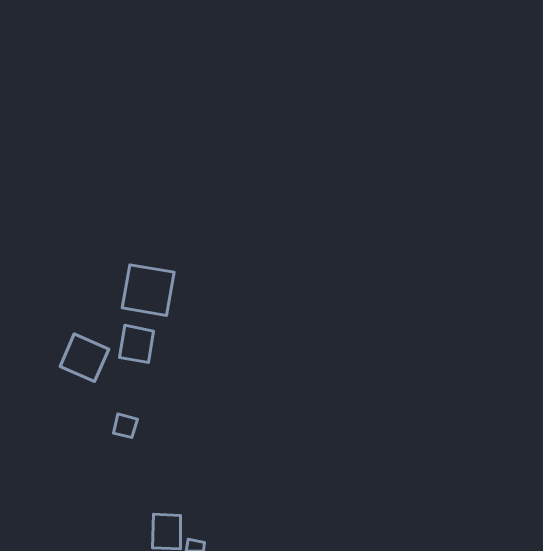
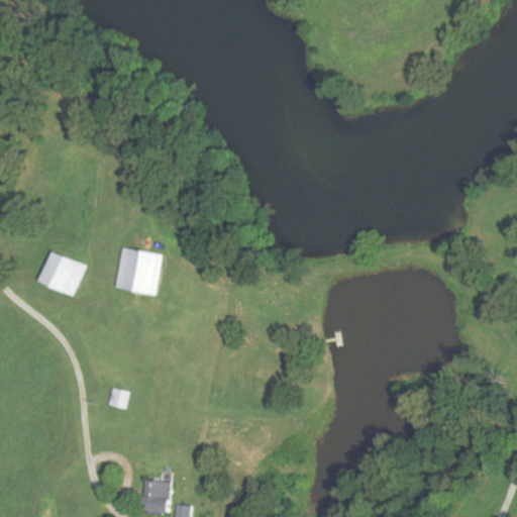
building: [120,325,154,362] -> none
building: [60,334,109,382] -> [37,251,83,296]

